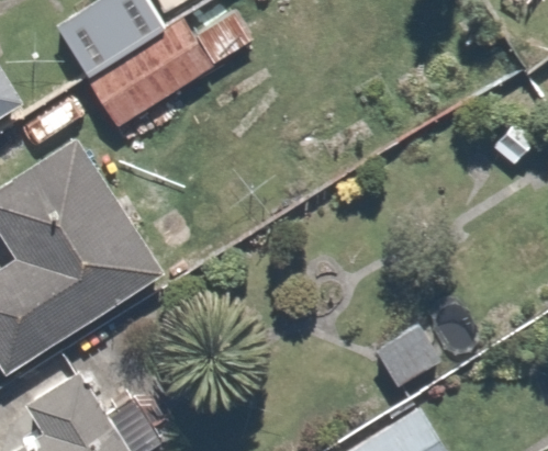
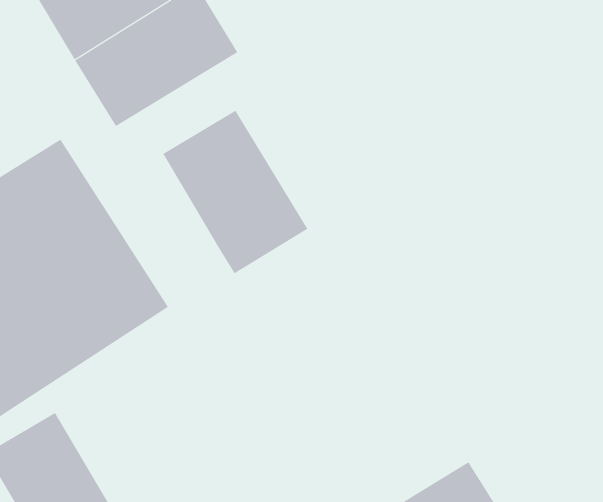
building: none -> [163,110,308,274]

